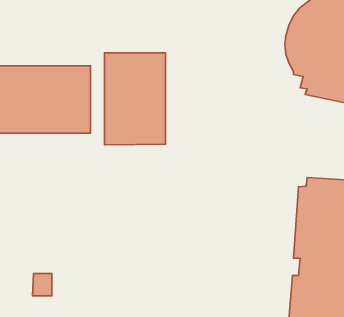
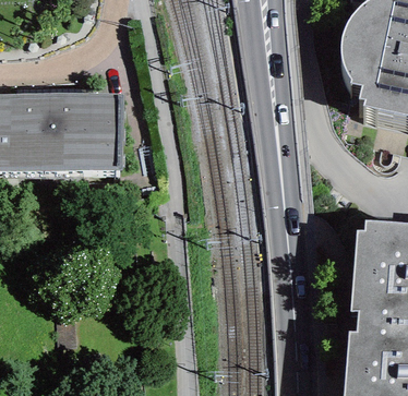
building: [105,53,165,145] -> none

